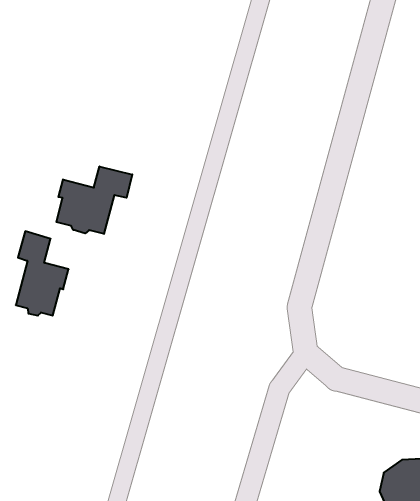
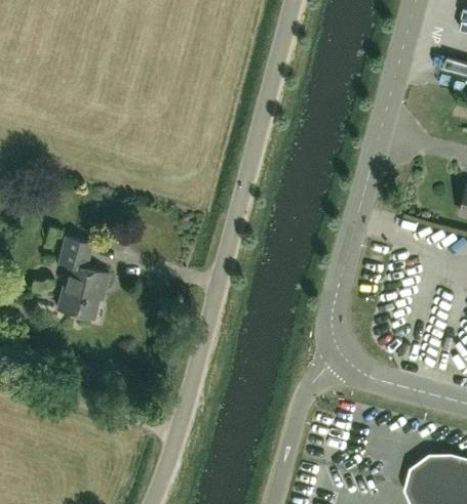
building: [56,166,132,234] -> none

